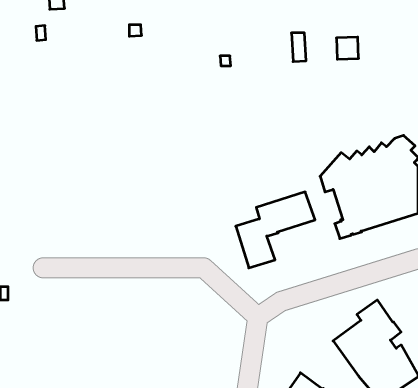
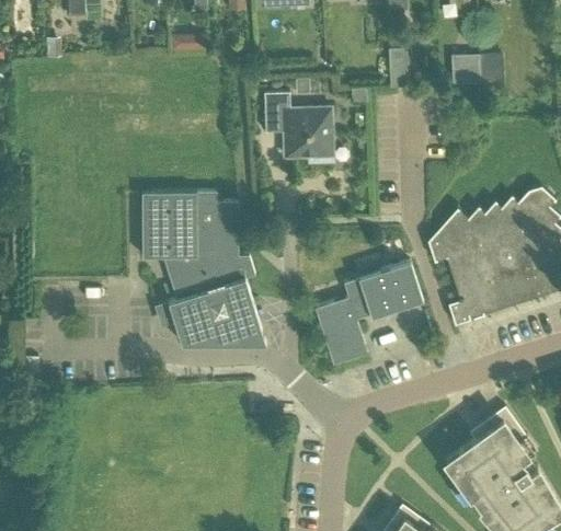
building: none -> [479,55,501,84]
building: none -> [263,93,332,158]
building: none -> [141,194,261,346]

